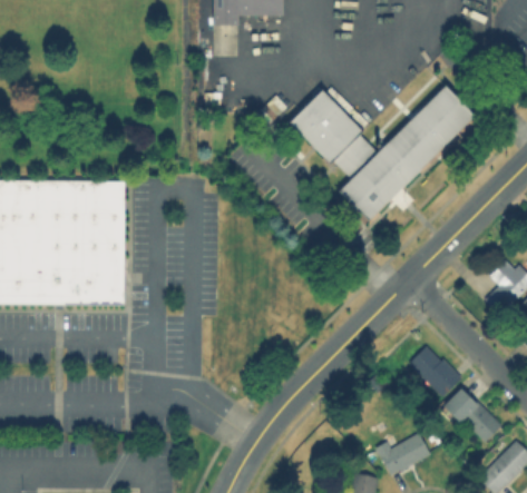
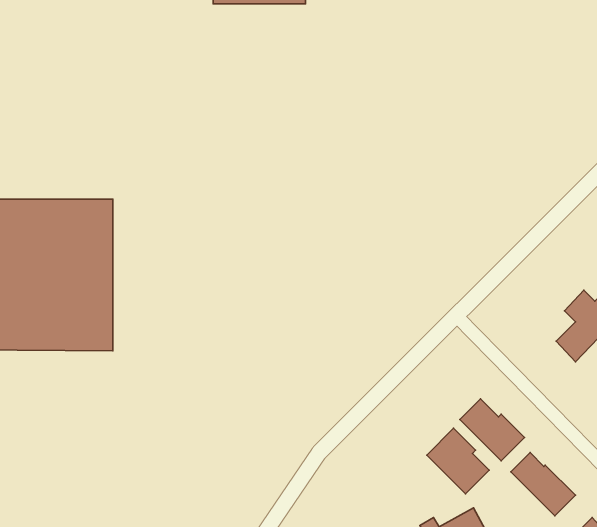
building: [294,88,474,220] -> none
building: none -> [427,428,489,494]

